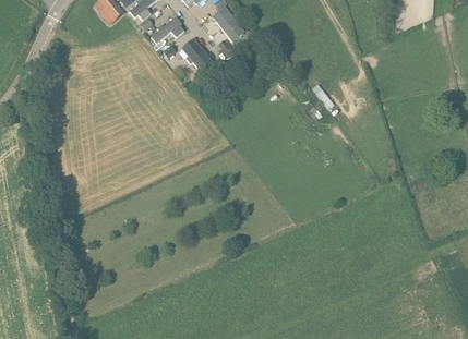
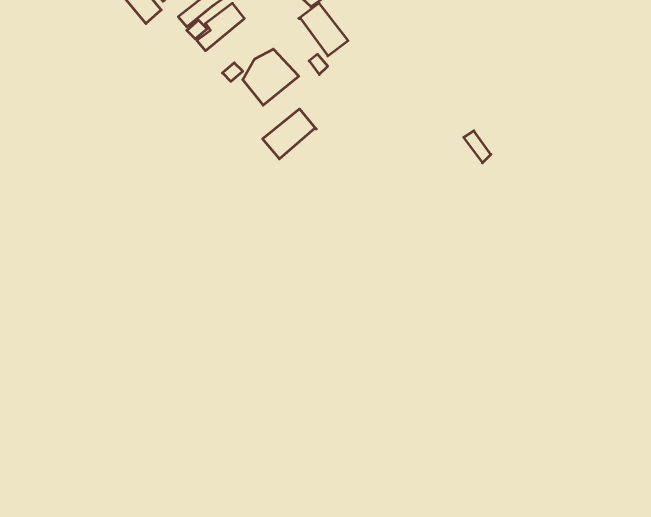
building: none -> [263,109,316,159]

